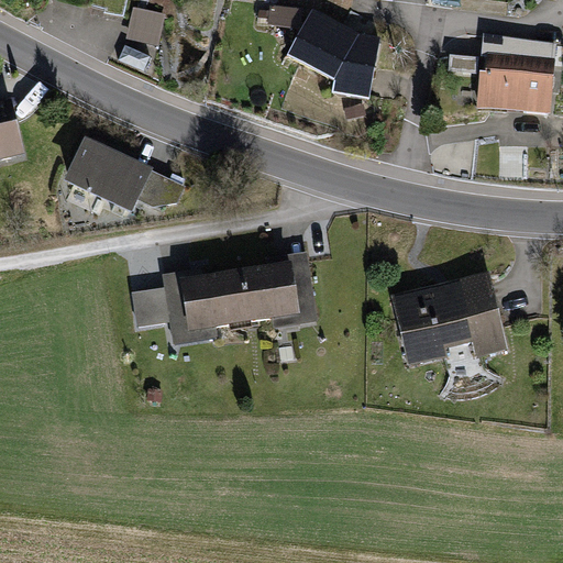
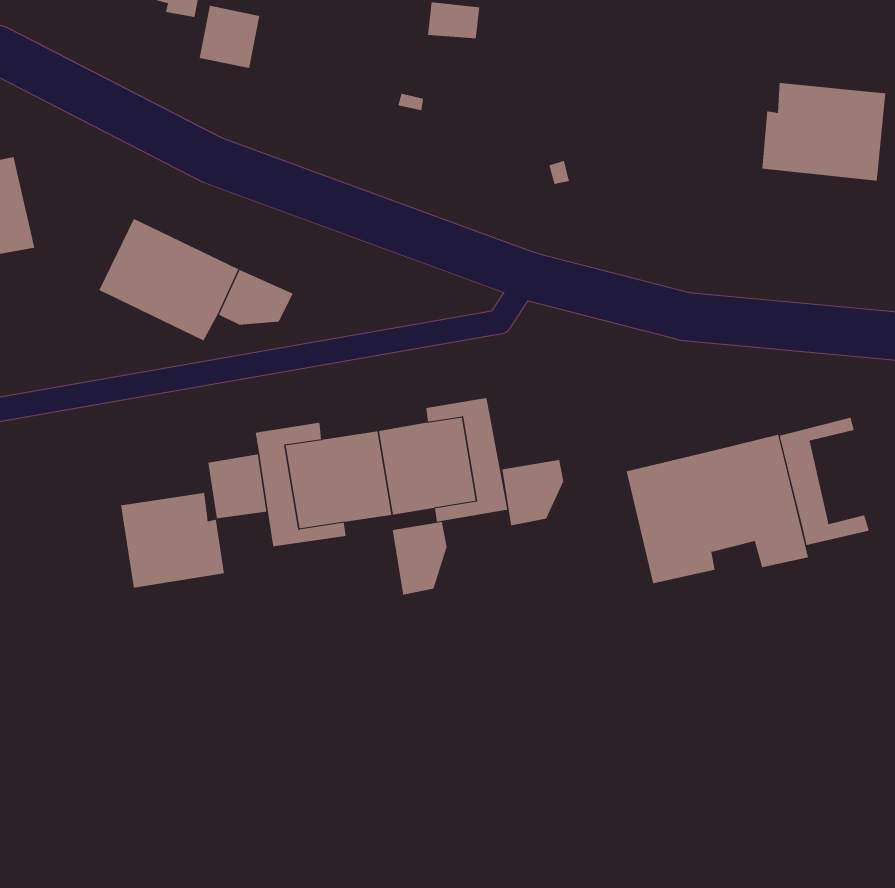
building: [287,8,378,97] -> none
building: none -> [779,417,870,546]
building: none -> [502,459,564,526]
building: none -> [121,492,224,589]
building: none -> [392,521,447,595]

